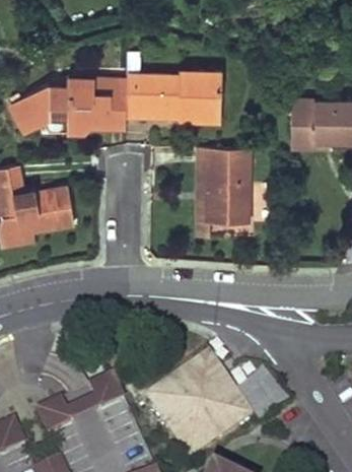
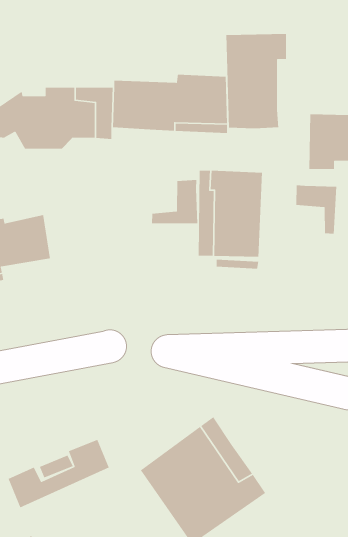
building: none -> [225,33,287,129]
building: none -> [151,179,198,224]
building: none -> [296,184,337,234]

